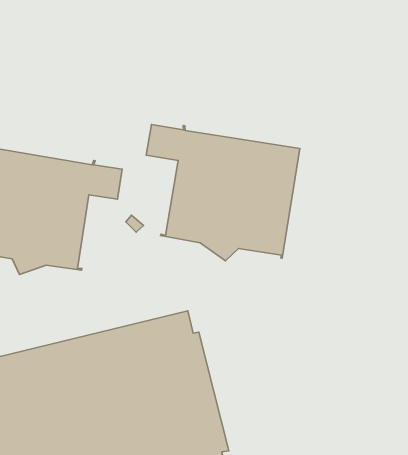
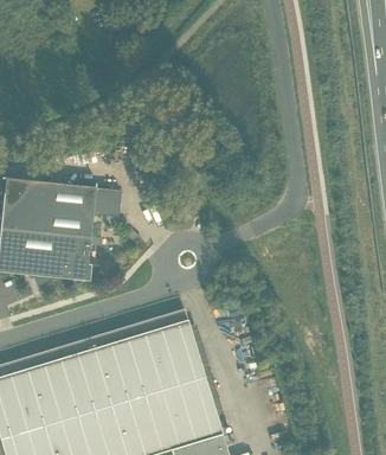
building: [146,125,300,261] -> none

